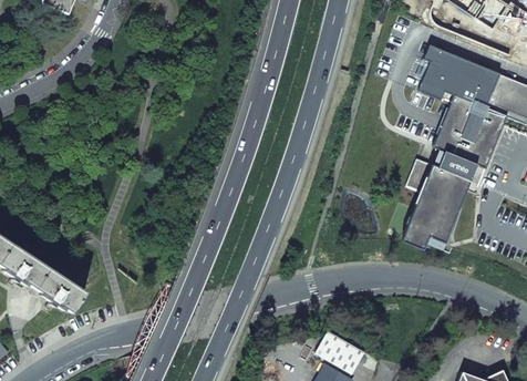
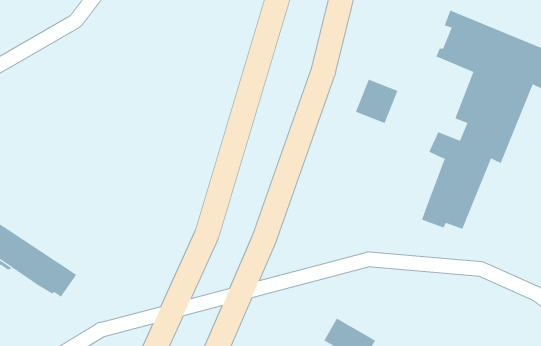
building: none -> [355,79,398,124]

